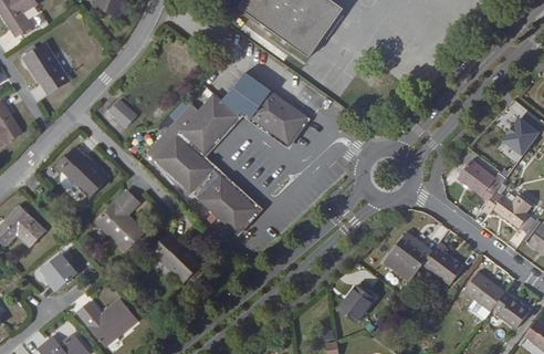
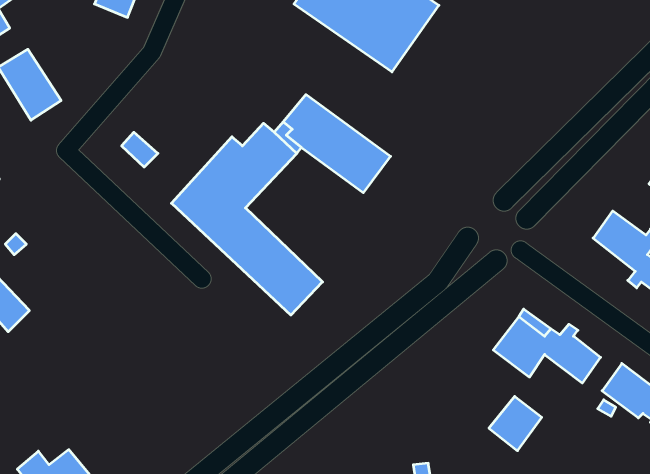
building: [60,147,109,198] -> none
building: [96,189,143,251] -> none
building: [154,232,205,283] -> none
building: [42,254,77,290] -> none
building: [334,282,373,322] -> [489,396,542,451]
building: [76,299,137,346] -> none

